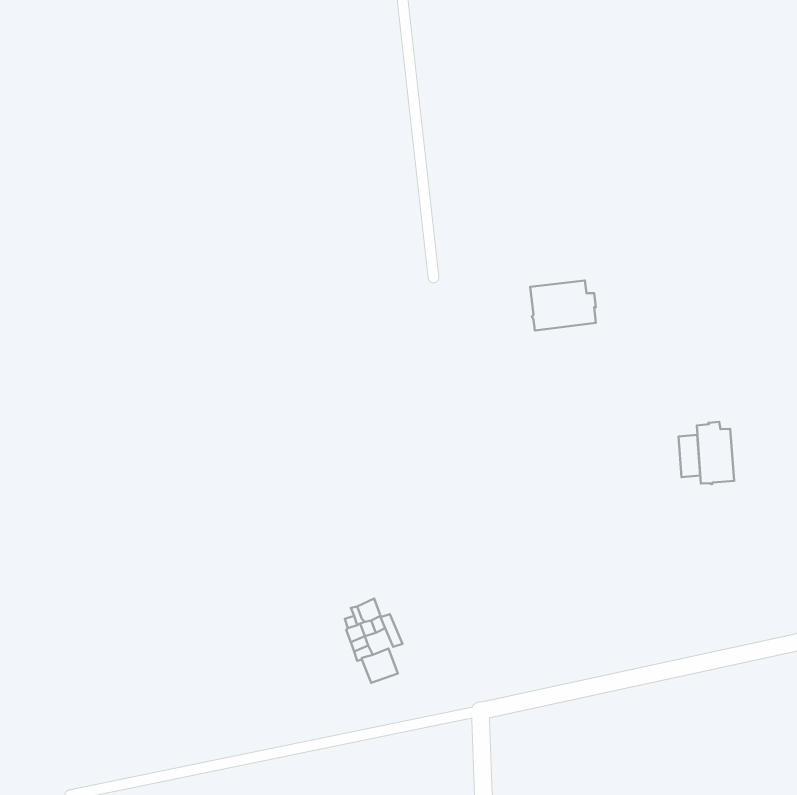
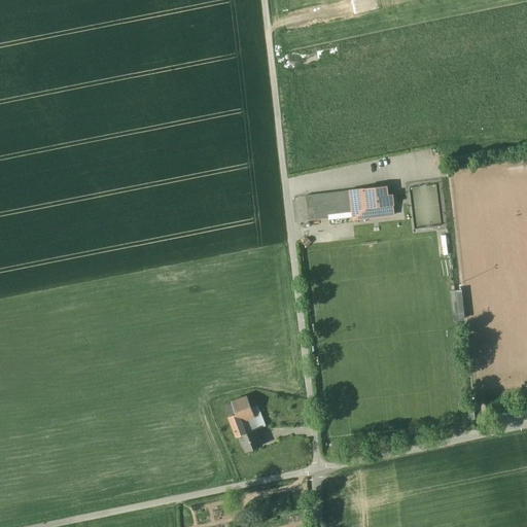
building: none -> [306,189,352,218]
building: [697,422,734,484] -> none

